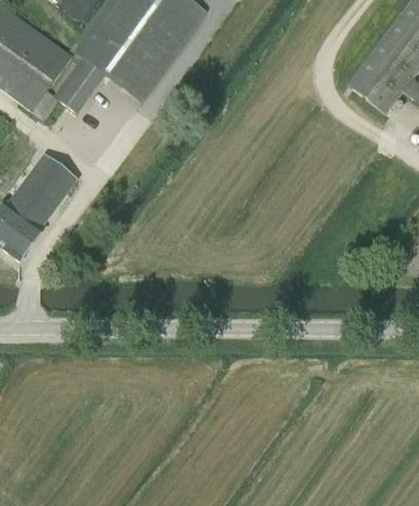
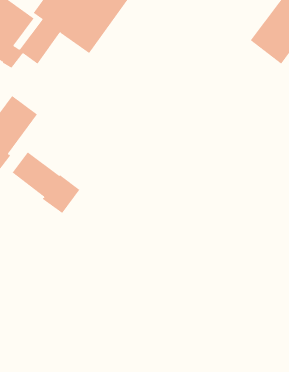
building: none -> [12,152,80,214]

